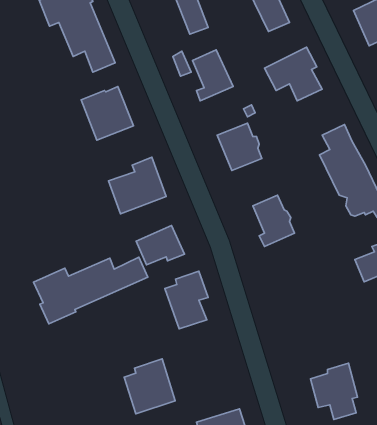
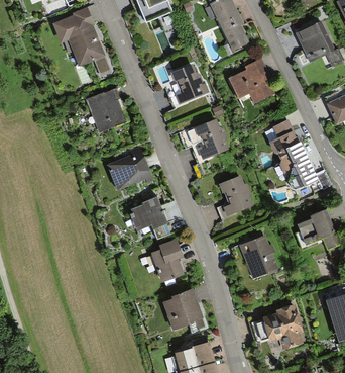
building: [34,257,148,324] -> none
building: none -> [240,237,275,278]
building: [124,359,175,414] -> [163,284,203,327]

